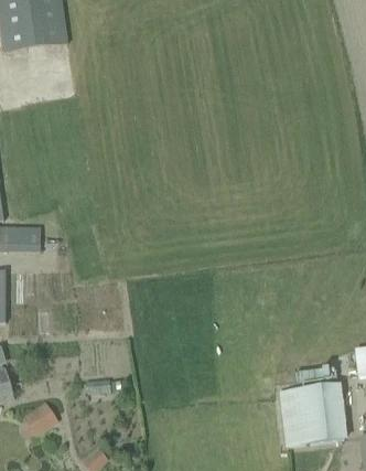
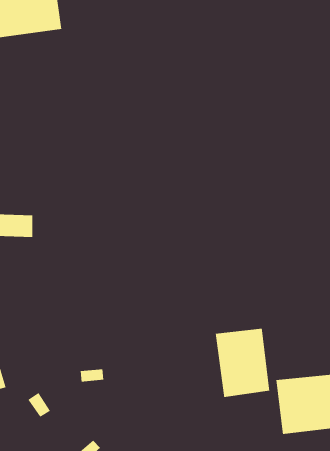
building: none -> [215,328,270,398]

